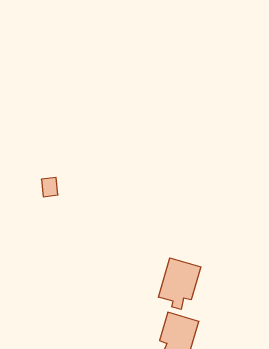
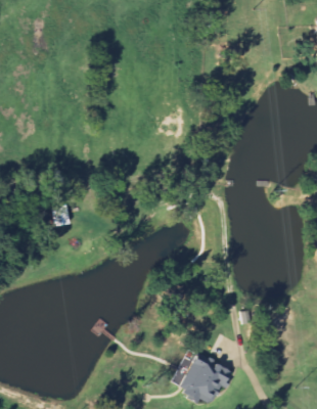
building: [158,258,201,309] -> none

